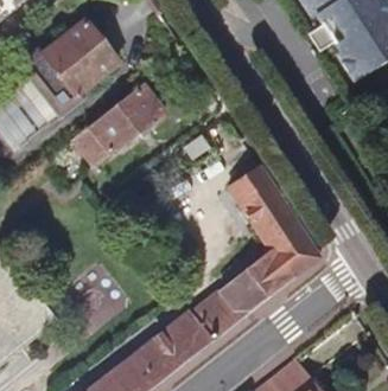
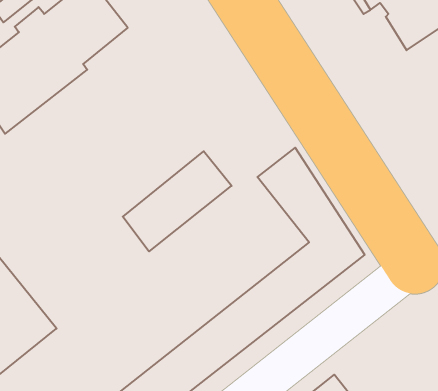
building: [82,78,174,164] -> [123,151,232,251]

